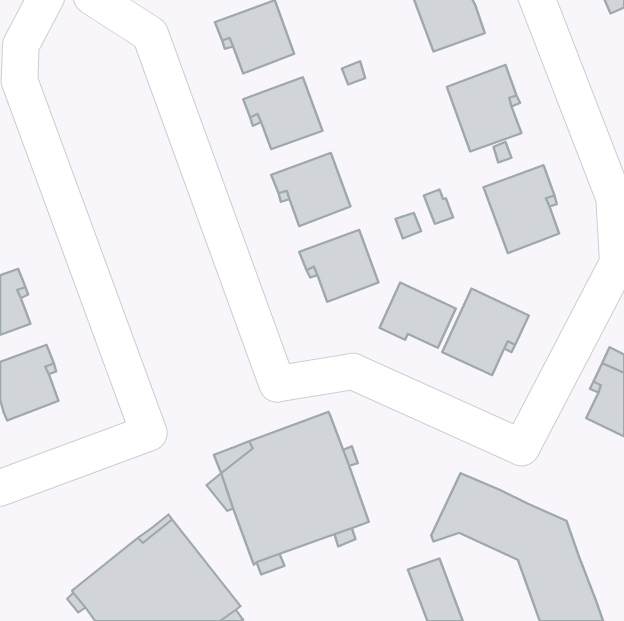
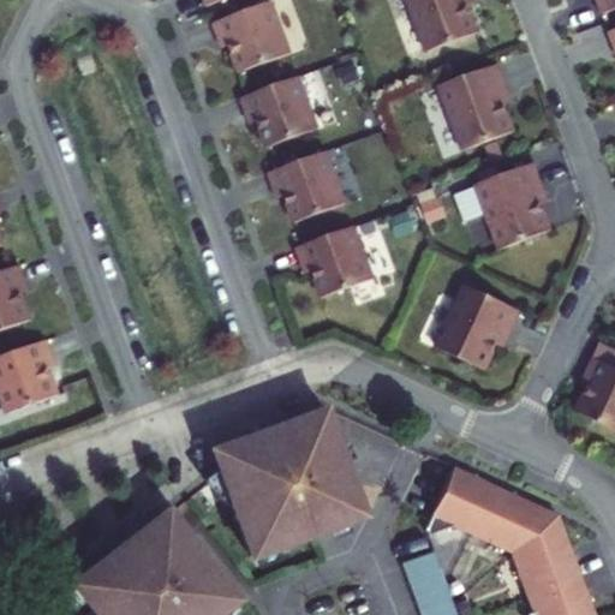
building: [380,283,456,348] -> none

